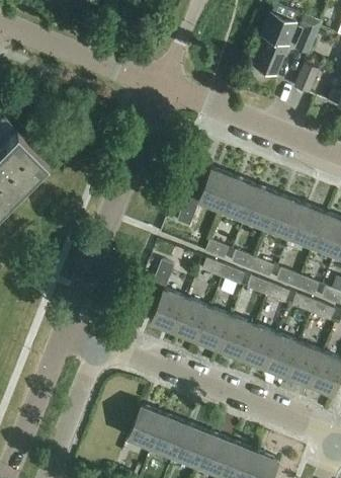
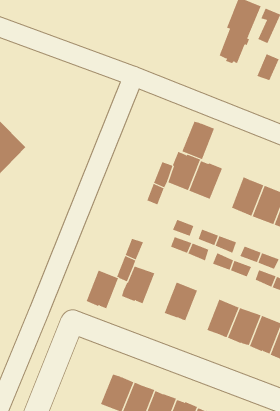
building: [247,188,282,230] -> [182,121,215,160]
building: [175,300,210,342] -> [86,270,119,310]
building: [221,318,256,361] -> none

